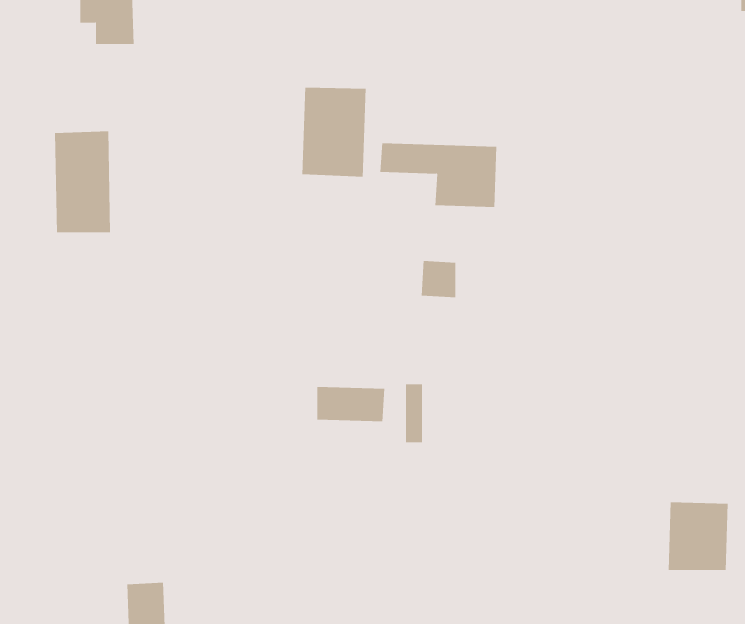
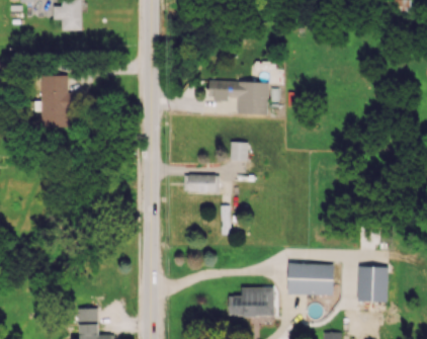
building: [302,87,366,178] -> none
building: [316,387,385,422] -> [184,174,220,192]
building: none -> [287,263,334,294]
building: none -> [229,287,274,316]

